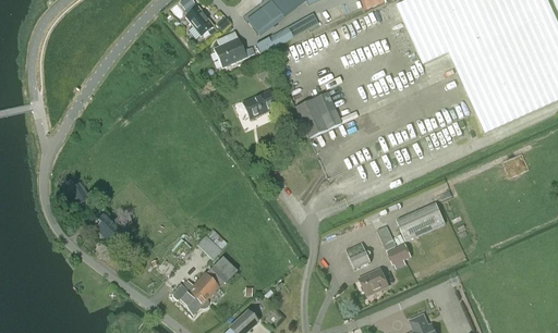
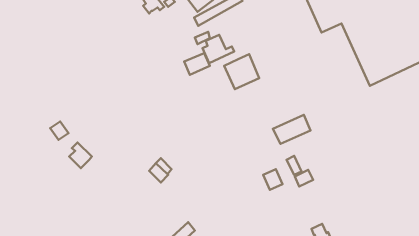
building: [213,30,254,67] -> [203,35,234,63]
building: [396,202,445,240] -> [273,115,310,144]
building: [171,256,236,314] -> none
building: [359,269,388,295] -> none

